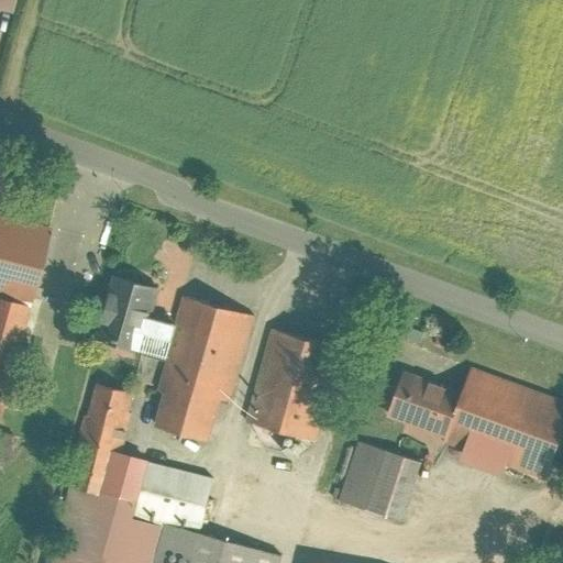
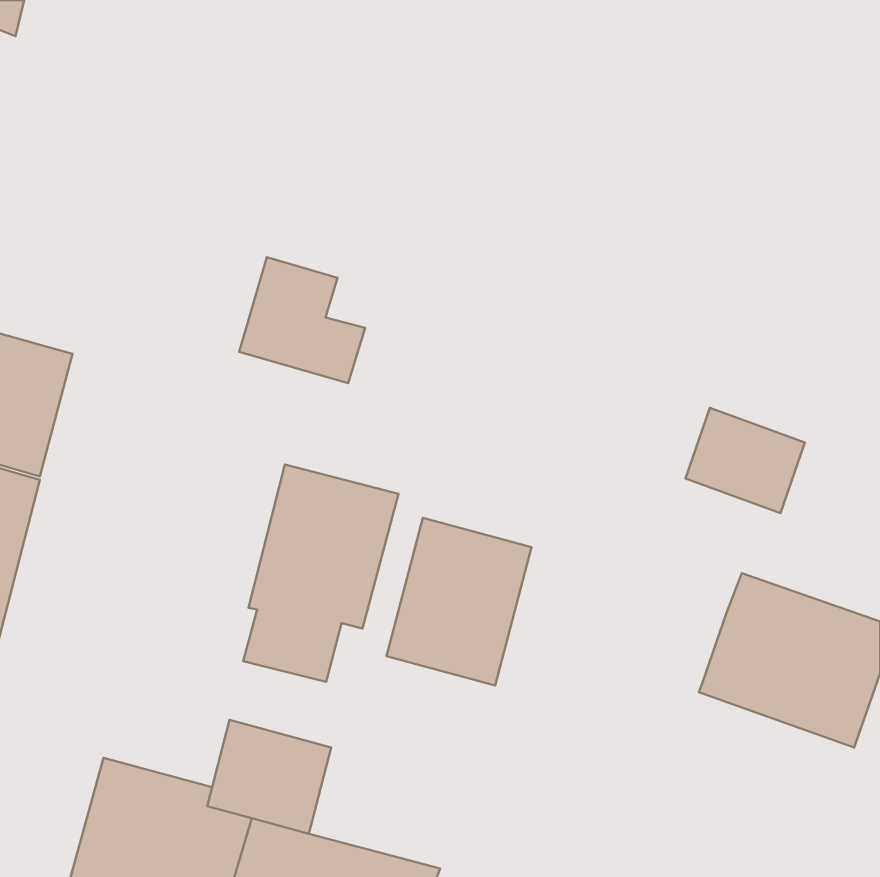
building: [95,277,175,357] -> [239,257,365,383]
building: [387,372,463,439] -> [686,408,805,513]
building: [66,385,147,505] -> none
building: [339,443,418,520] -> none

